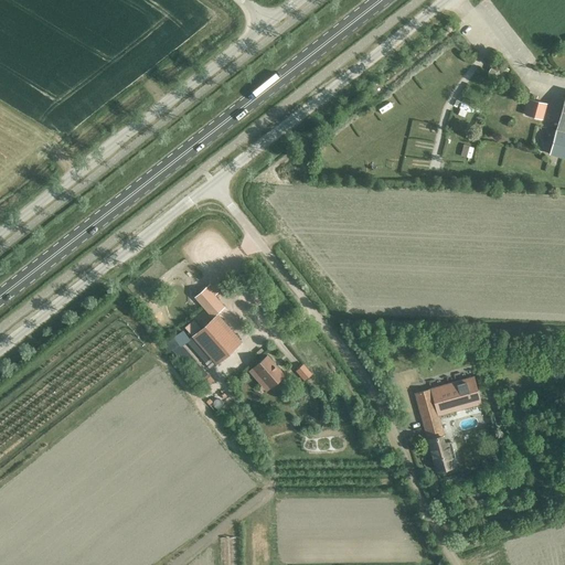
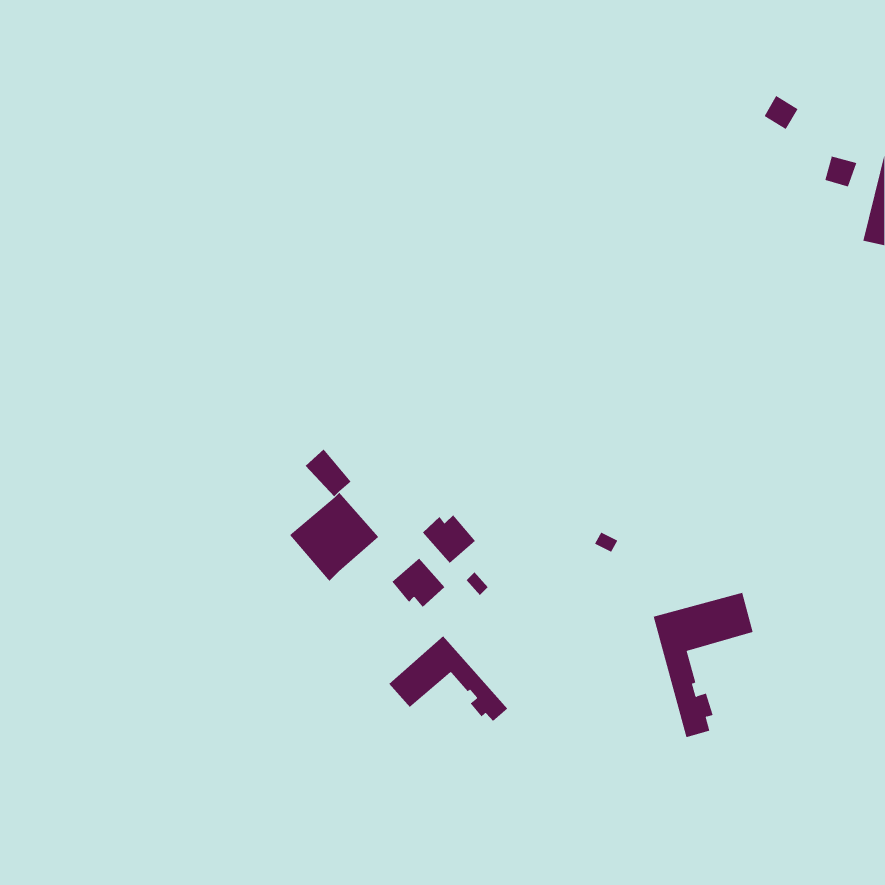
building: none -> [422,515,476,564]
building: none -> [388,635,508,722]

